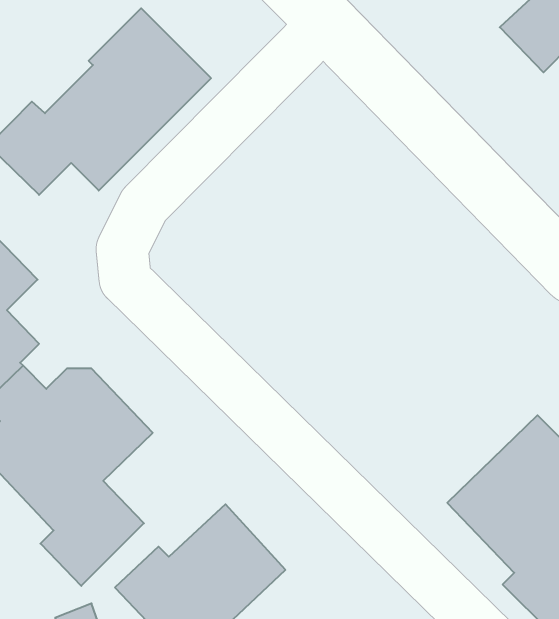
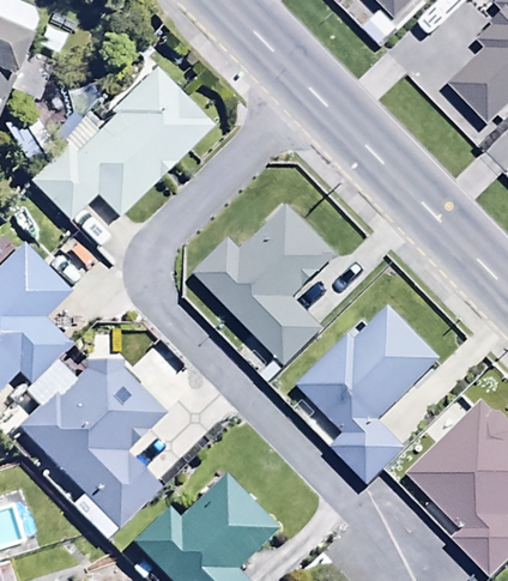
building: none -> [192,204,338,364]
building: none -> [296,305,441,485]

